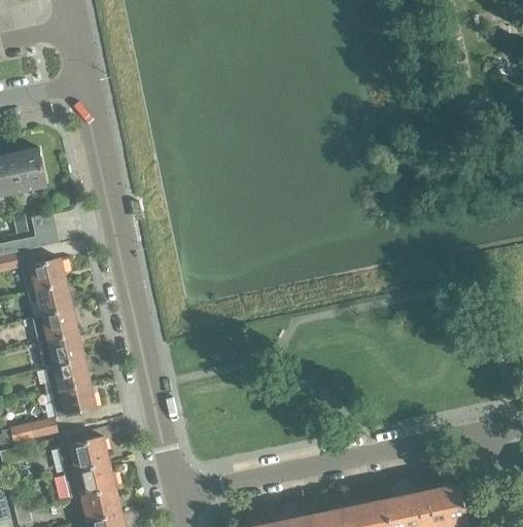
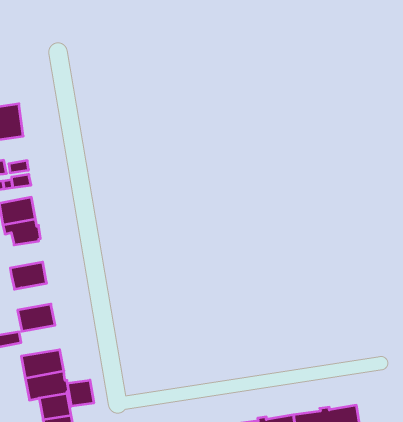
building: [34,309,78,343] -> none
building: [46,358,91,392] -> none
building: none -> [68,380,94,406]

